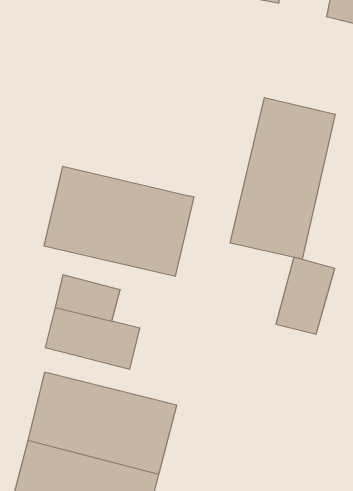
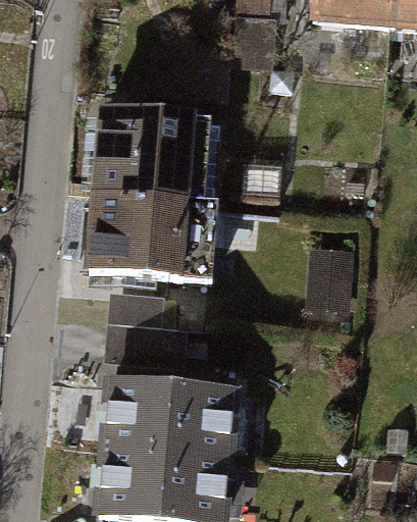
building: none -> [94,114,216,203]
building: [230,97,335,259] -> none

